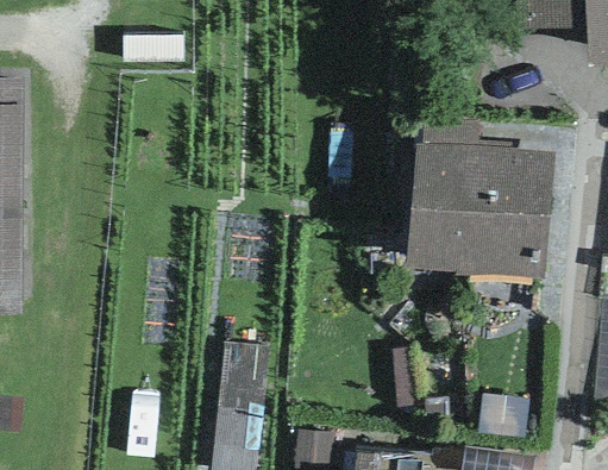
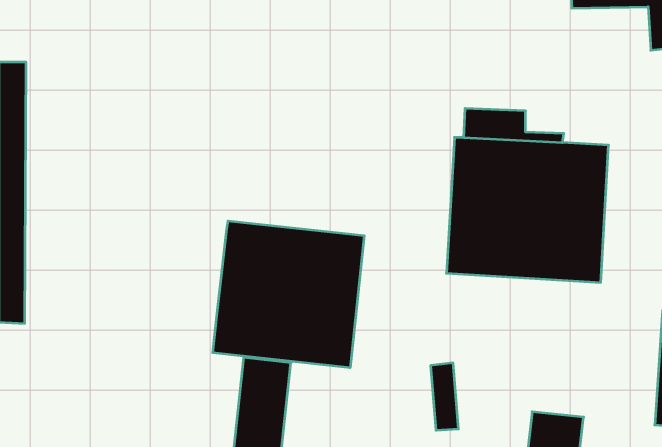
building: none -> [213,221,364,368]

